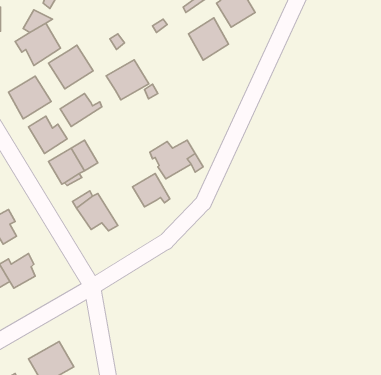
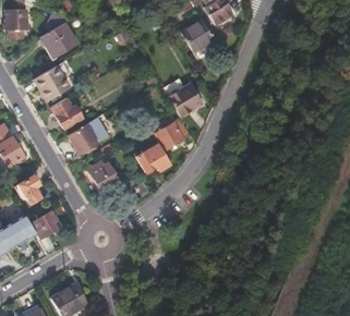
building: [48,45,93,89] -> none
building: [106,60,149,100] -> [168,83,203,116]
building: [60,93,102,126] -> none

